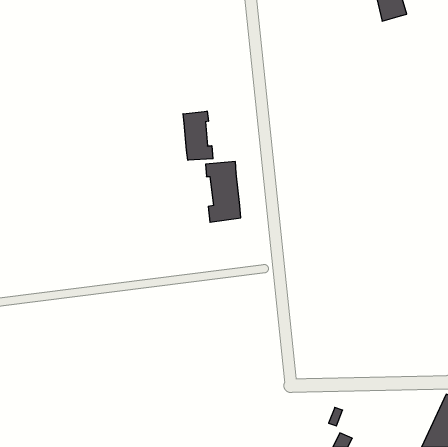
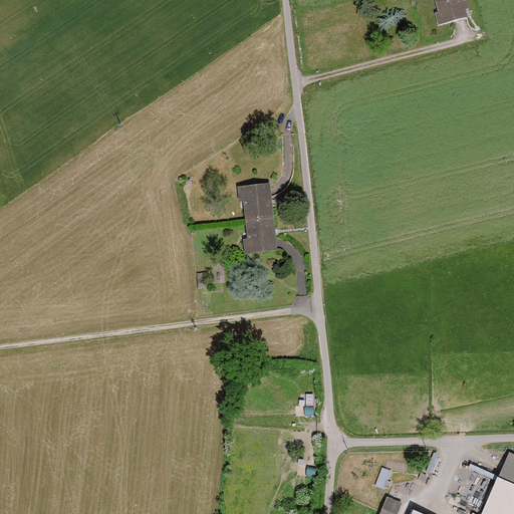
building: [183,111,213,160] -> none

